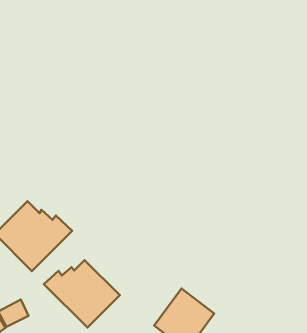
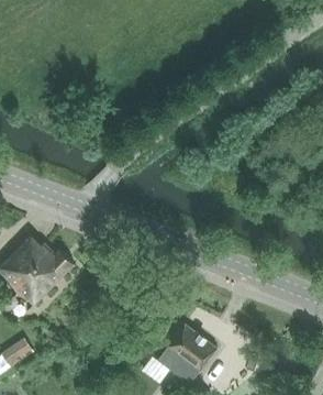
building: [44,260,120,328] -> none

